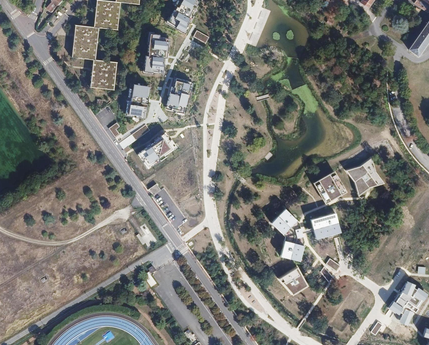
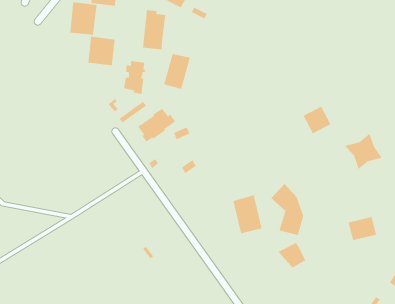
building: [316,175,345,204] -> [303,106,331,134]
building: [312,213,342,238] -> [347,216,377,241]
building: none -> [232,194,262,234]

